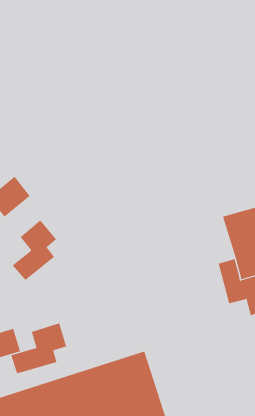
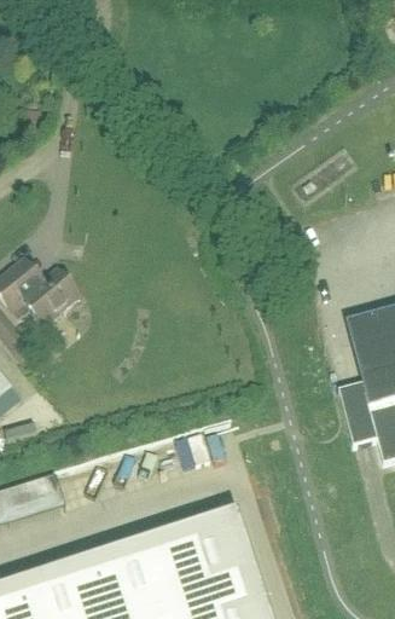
building: [12,219,57,281] -> none
building: [10,322,67,374] -> none

